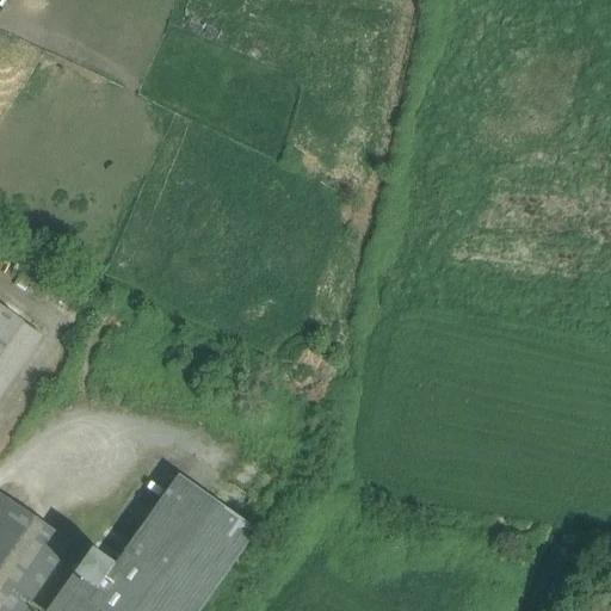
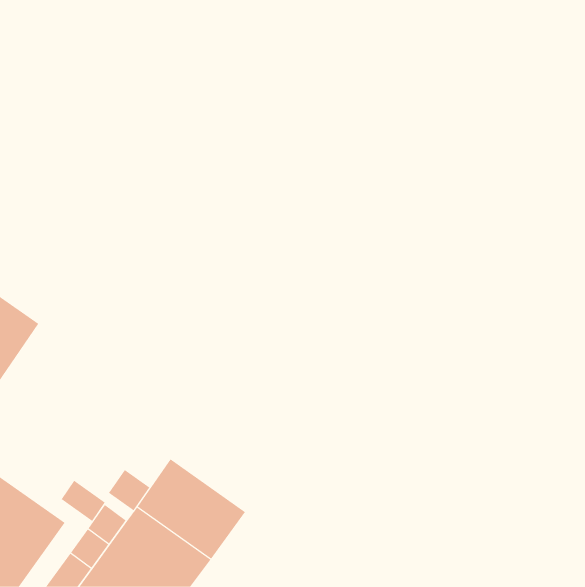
building: none -> [108,469,150,511]
building: none -> [61,480,105,522]

